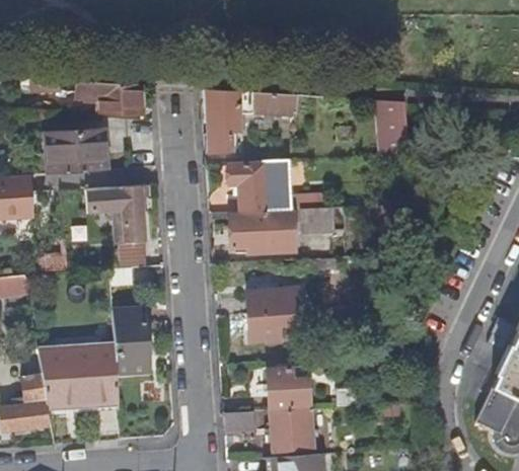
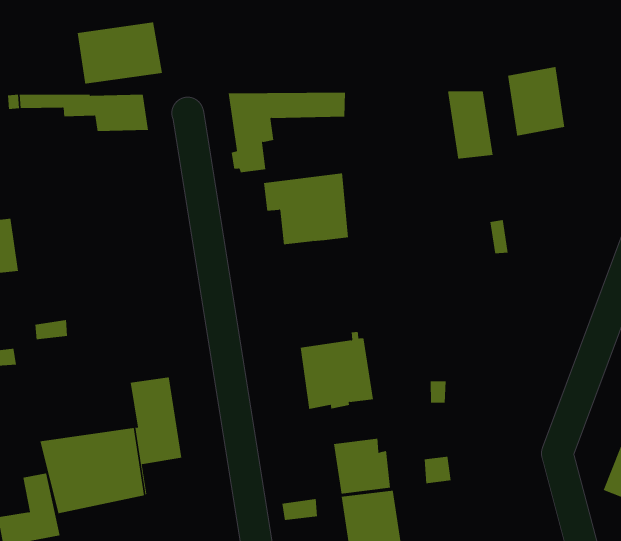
building: none -> [508,66,565,136]
building: [42,130,106,174] -> [77,22,163,84]
building: [86,185,149,268] -> none
building: [230,208,346,254] -> none

